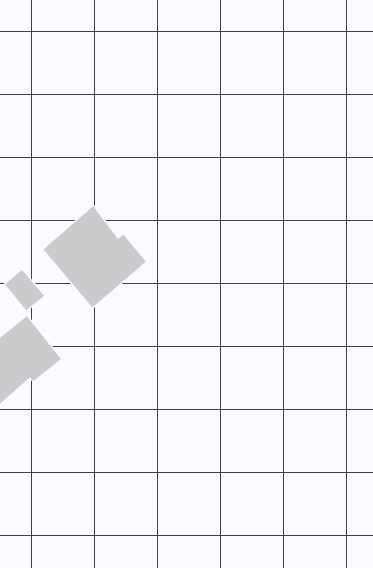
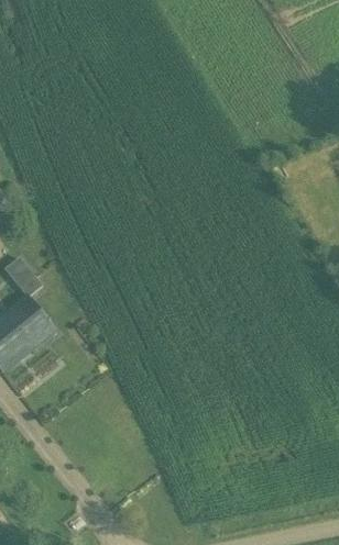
building: [43,205,147,308] -> none

